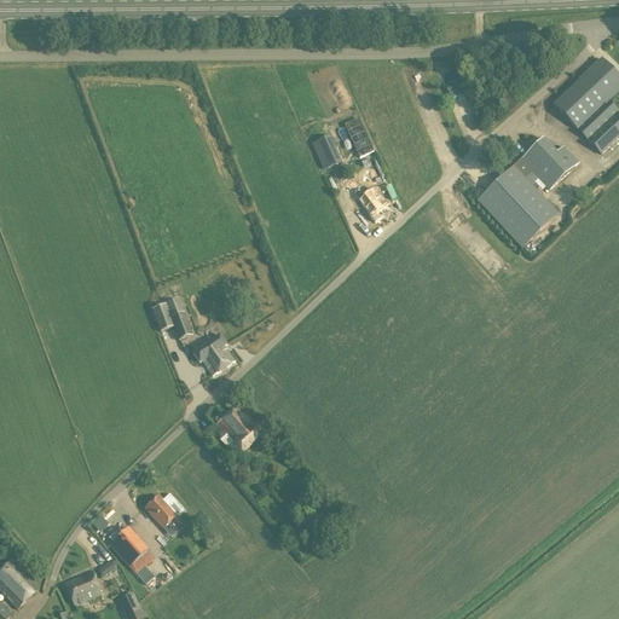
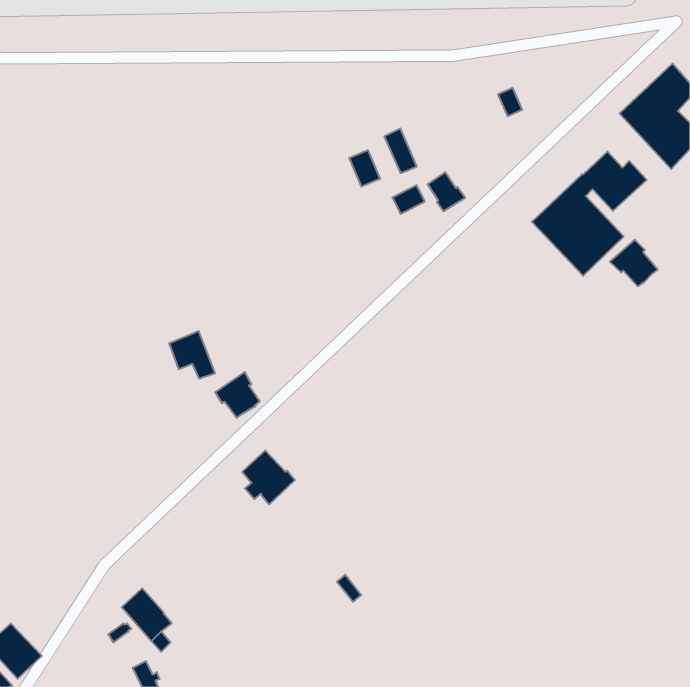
building: [360,185,394,220] -> [427,172,465,211]
building: none -> [610,240,658,286]
building: [144,494,181,526] -> none
building: [64,571,99,603] -> none

